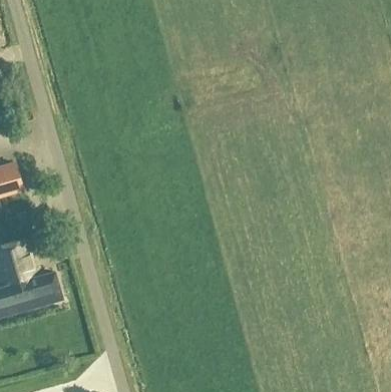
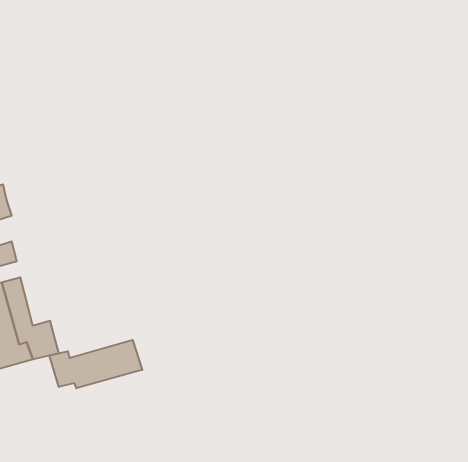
building: none -> [50,340,142,388]

